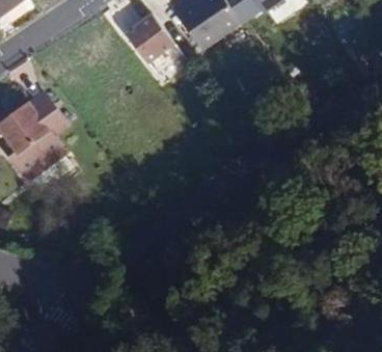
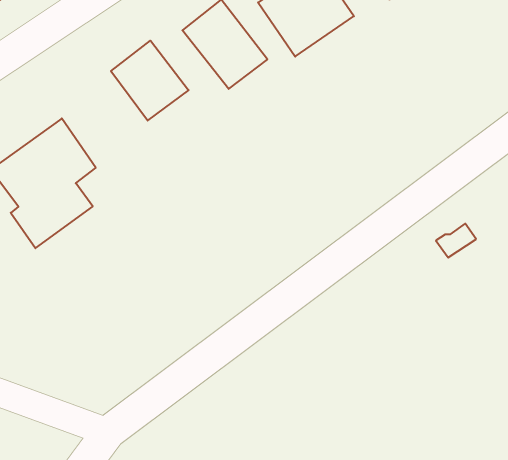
building: none -> [111,41,189,121]

